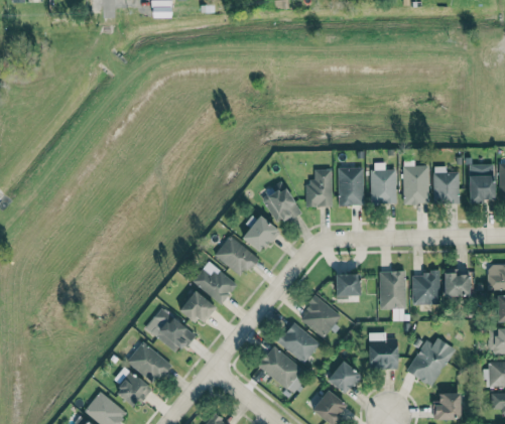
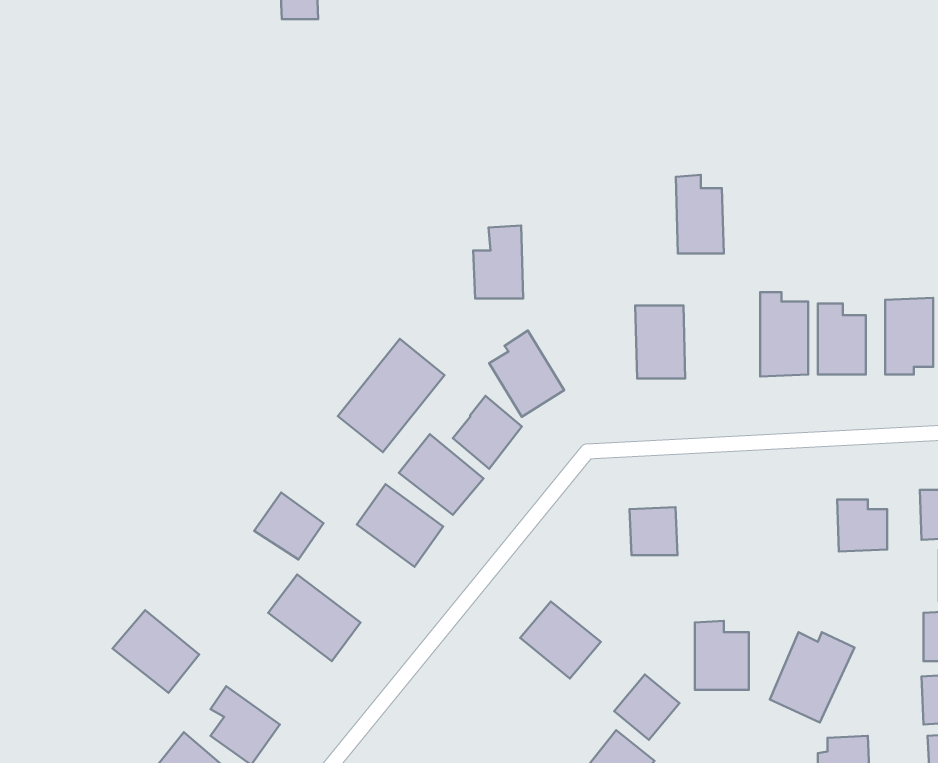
building: [371,162,396,203] -> [676,175,724,254]
building: [305,168,332,206] -> [473,225,523,299]
building: none -> [338,339,444,452]
building: [379,271,405,309] -> none
building: [412,273,439,304] -> none
building: [179,290,216,325] -> [254,492,323,560]
building: [298,296,341,337] -> none
building: [126,341,171,385] -> [113,610,199,693]
building: [257,344,303,389] -> none

